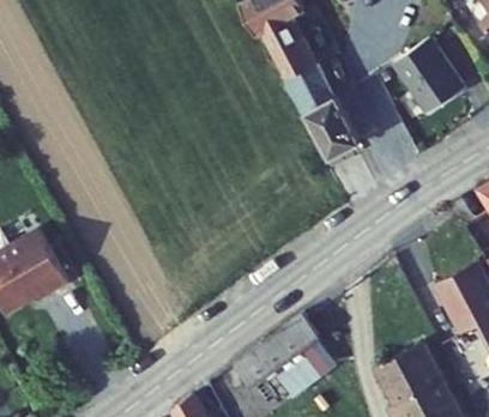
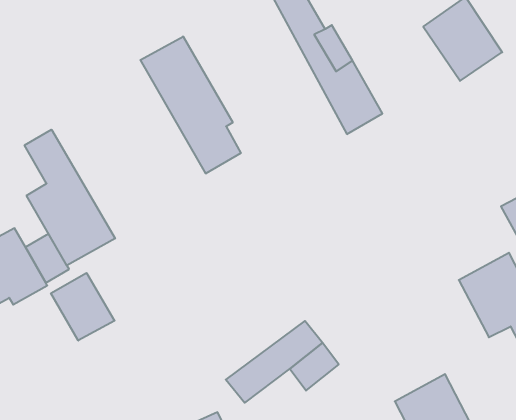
building: none -> [140,36,241,174]
building: none -> [25,130,115,265]
building: none -> [51,273,115,341]

